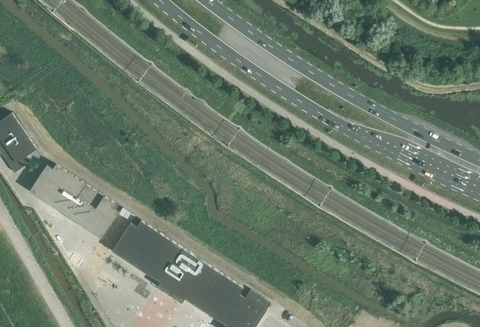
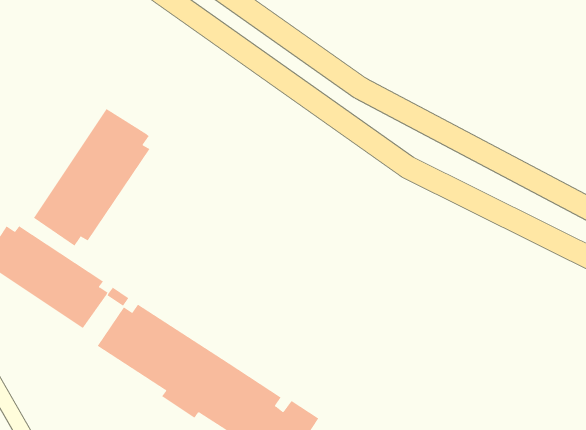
building: none -> [33,108,150,246]

